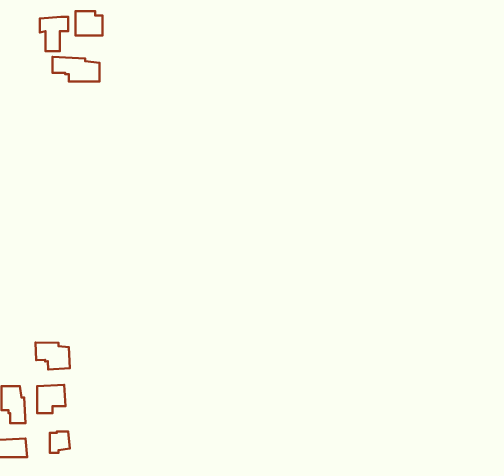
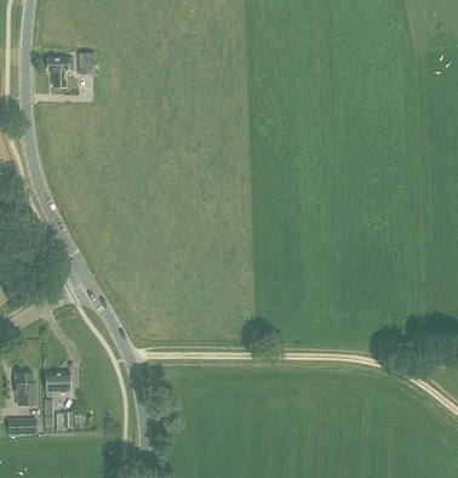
building: [53,57,100,82] -> none
building: [35,342,70,369] -> none

